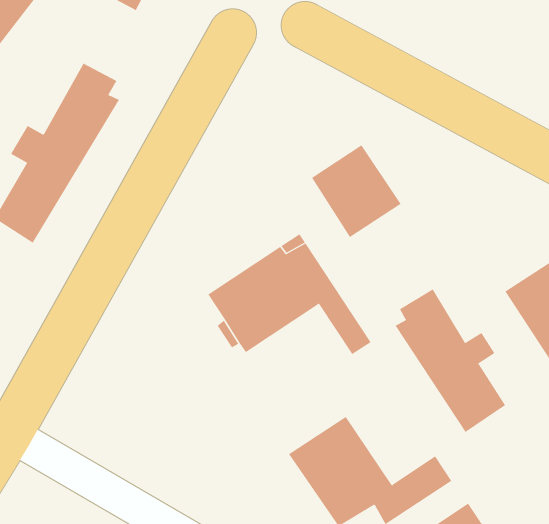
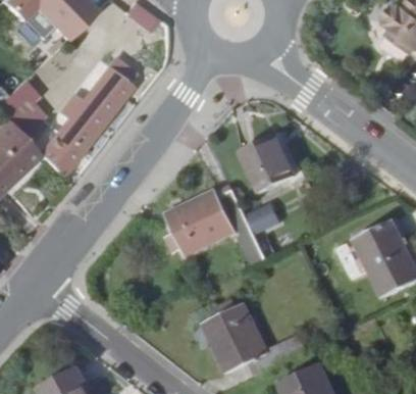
building: [395,289,506,433] -> none

